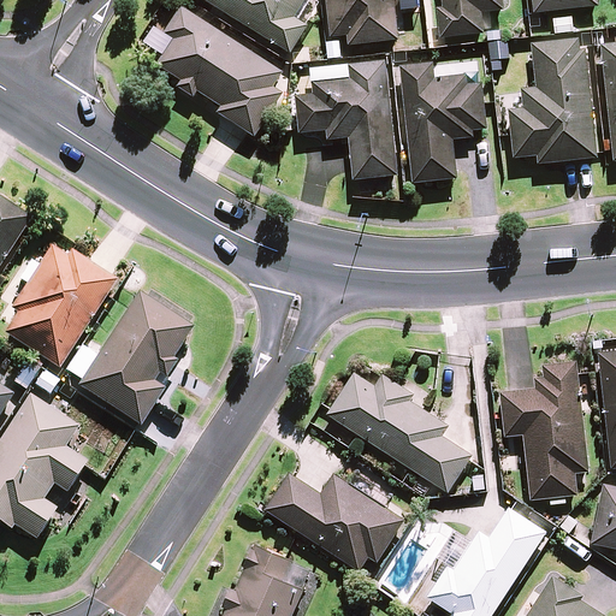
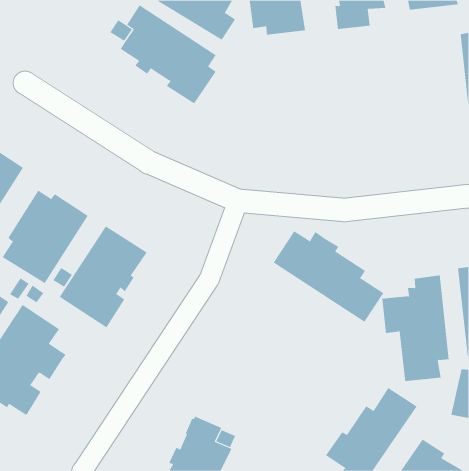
building: [509,38,597,165] -> none
building: [295,60,398,180] -> none
building: [399,63,487,183] -> none
building: [325,371,470,491] -> [273,230,384,323]
building: [265,472,402,569] -> none

